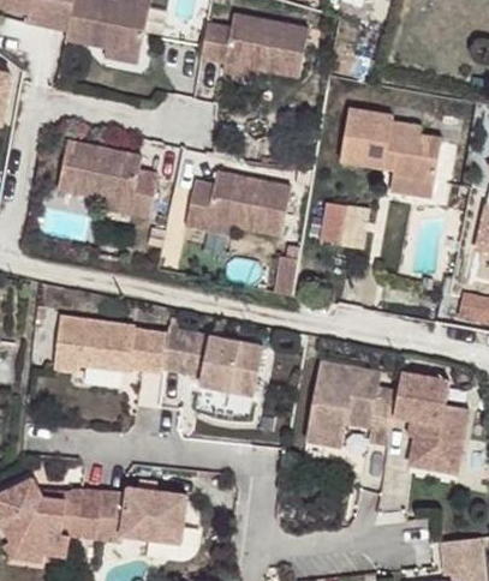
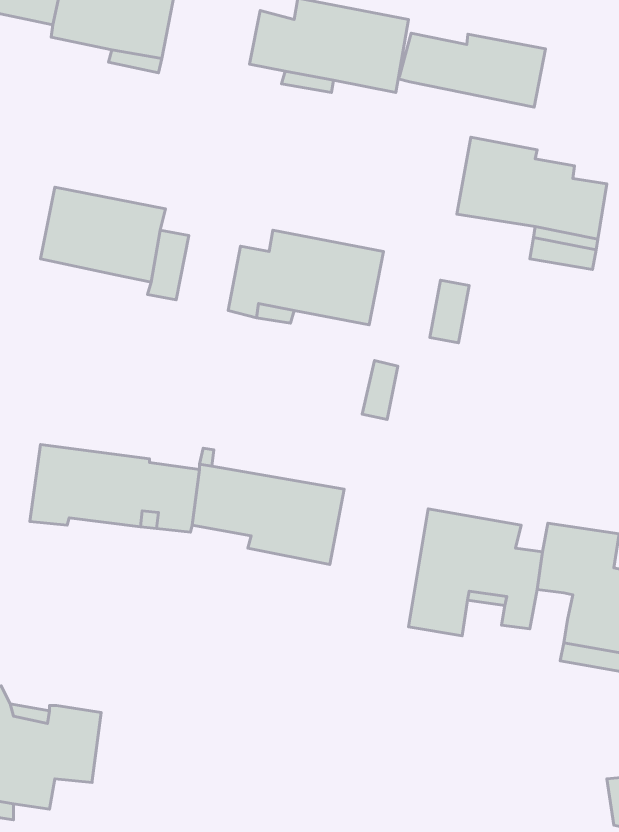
building: none -> [398,33,545,107]
building: [94,492,183,544] -> none

